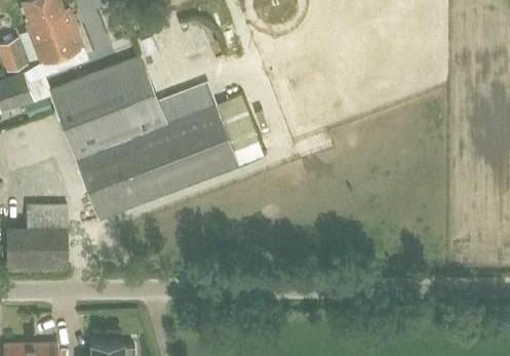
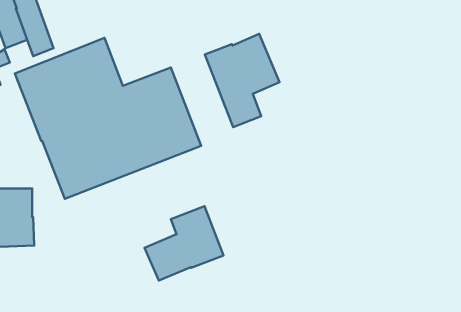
building: none -> [205,34,280,127]
building: none -> [144,206,224,280]

